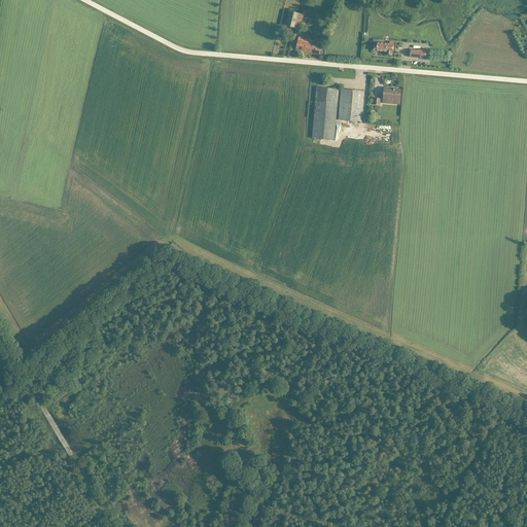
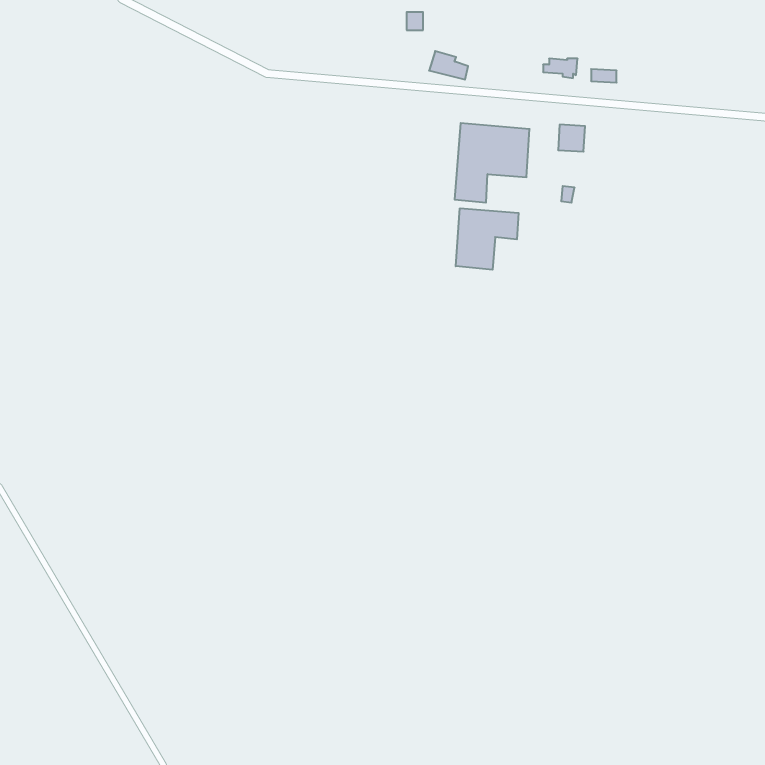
building: none -> [456,208,519,270]

